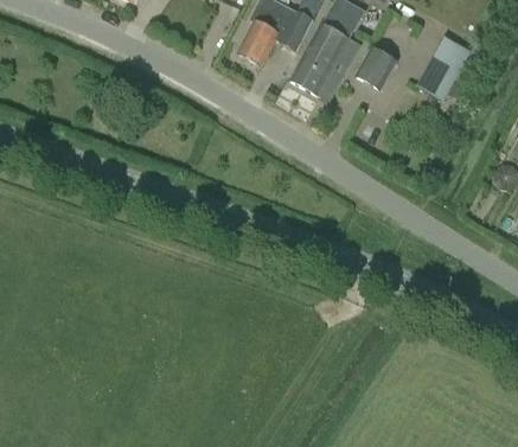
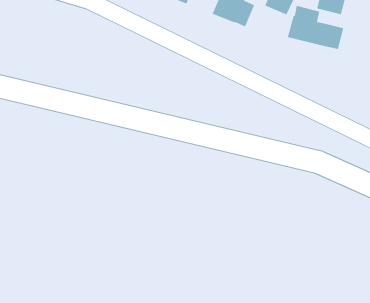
building: none -> [287,5,344,50]

